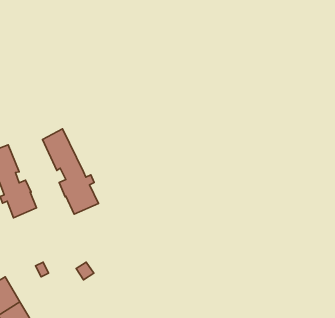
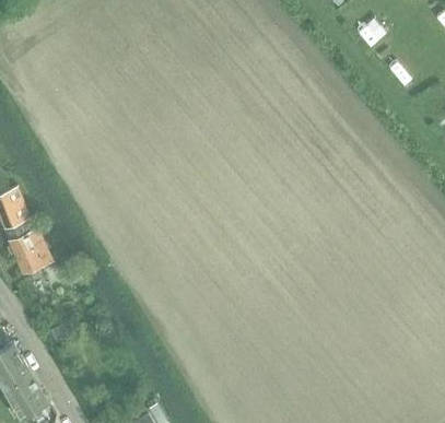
building: [43,129,99,214] -> none

